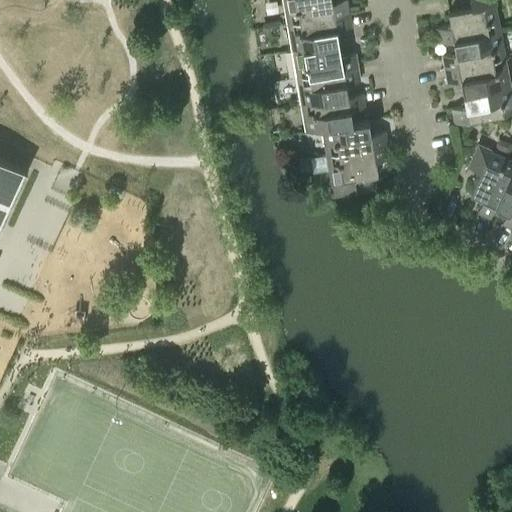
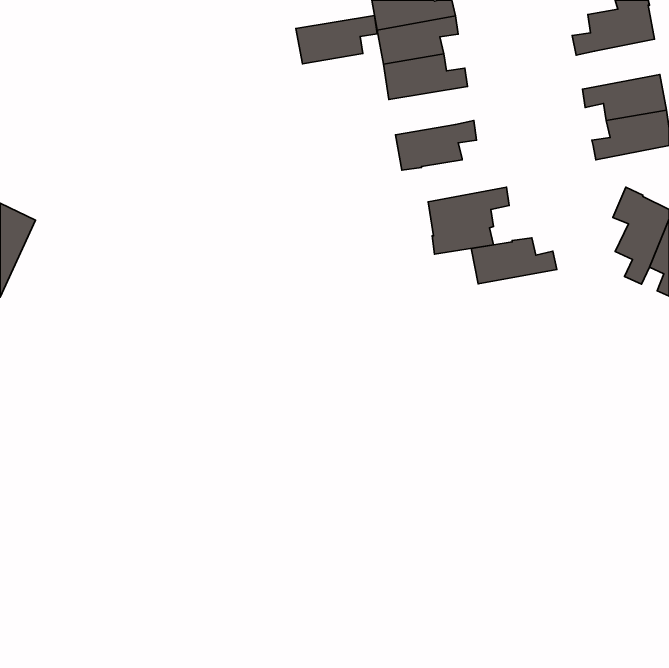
building: [442,31,504,69] -> none
building: [297,67,359,104] -> [296,15,377,64]
building: [322,120,387,155] -> [472,238,557,284]

